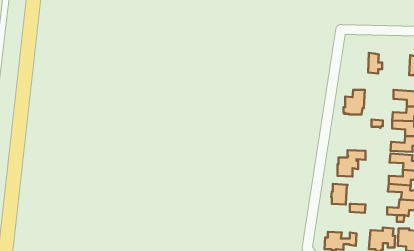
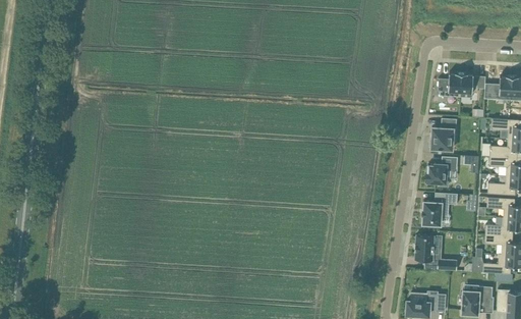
building: none -> [438,72,461,97]
building: none -> [484,75,512,100]
building: none -> [426,156,457,187]

